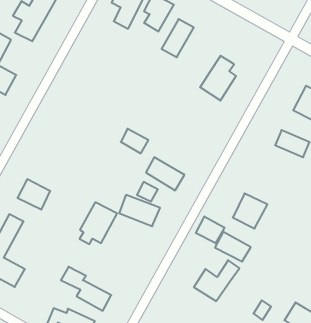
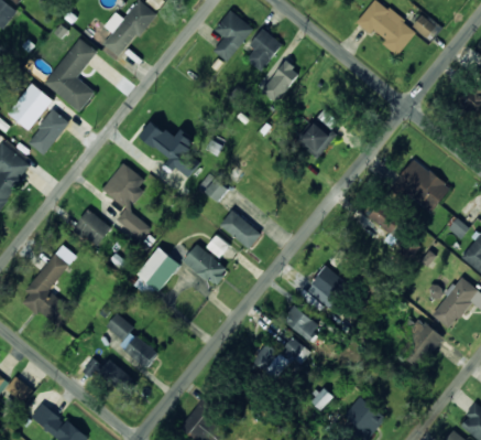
building: none -> [140,120,195,176]
building: none -> [101,162,151,239]
building: [196,216,224,243] -> none

